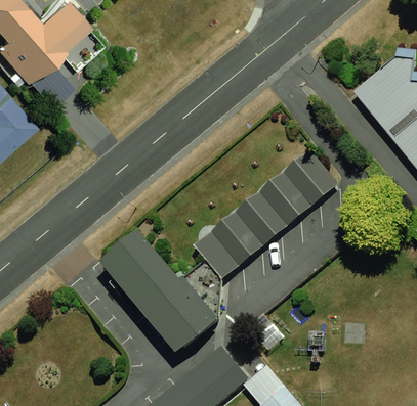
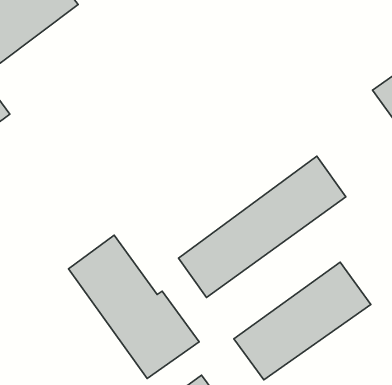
building: none -> [234,262,371,380]

